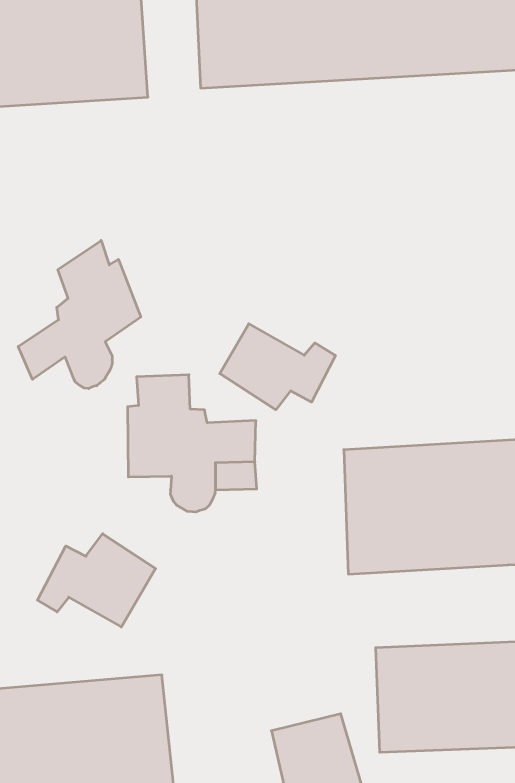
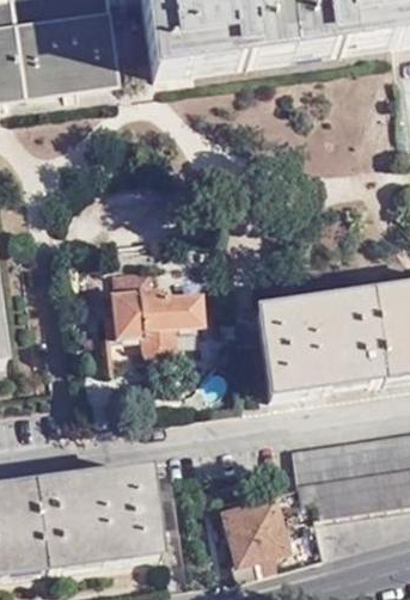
building: [18,240,141,389] -> none
building: [220,324,335,410] -> none
building: [37,534,156,627] -> none

